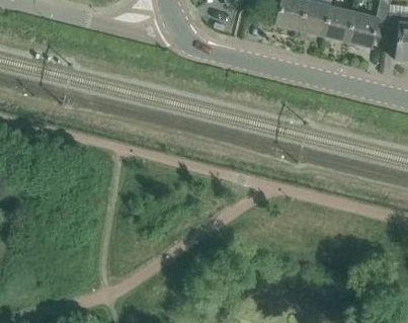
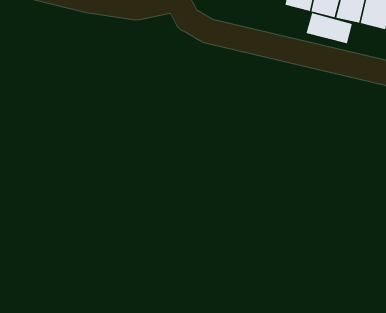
building: none -> [306,12,353,44]

